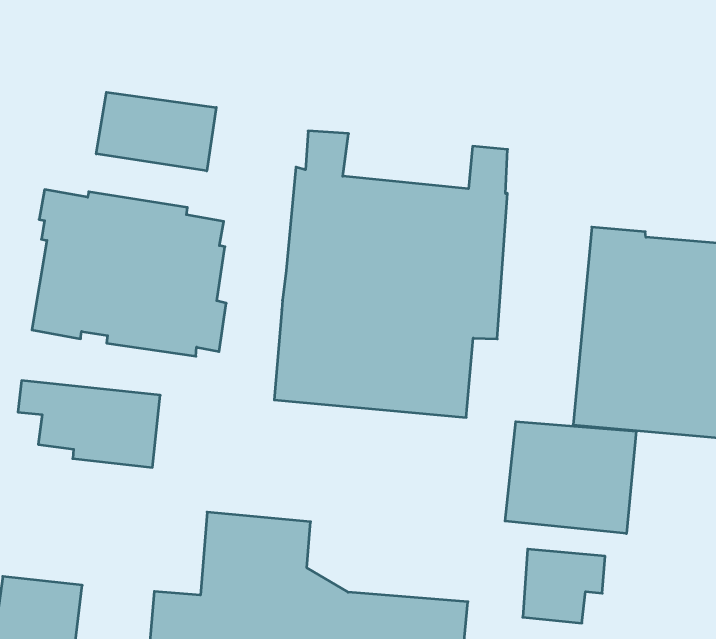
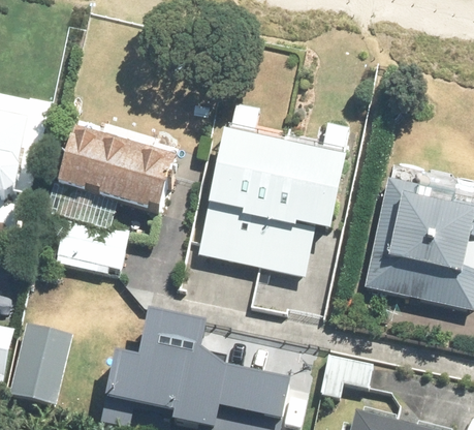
building: [96,92,216,171] -> none
building: [505,422,636,534] -> none

